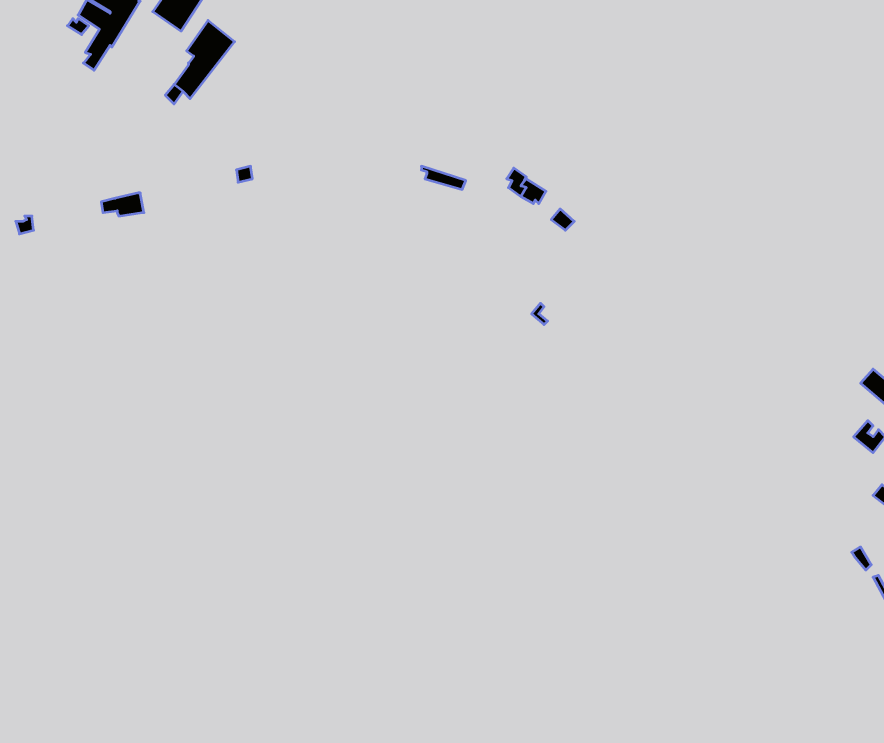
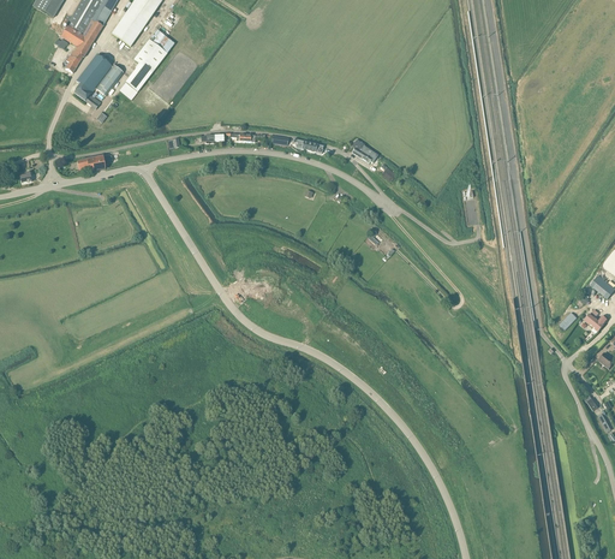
building: none -> [74,52,123,106]

